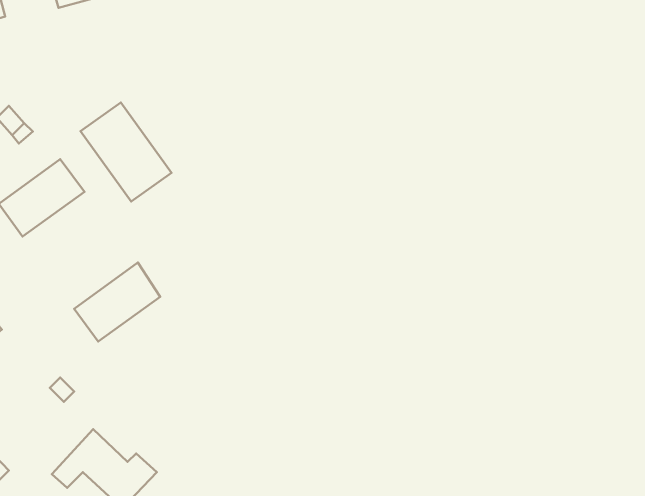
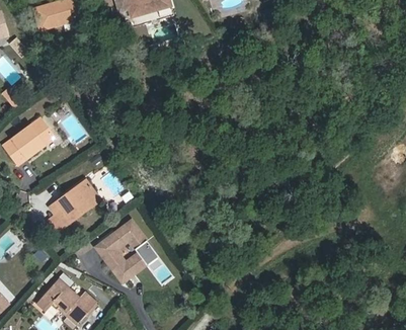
building: [80,103,171,201] -> none
building: none -> [96,222,157,282]

